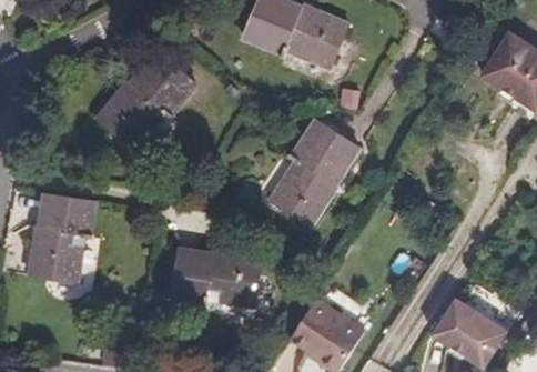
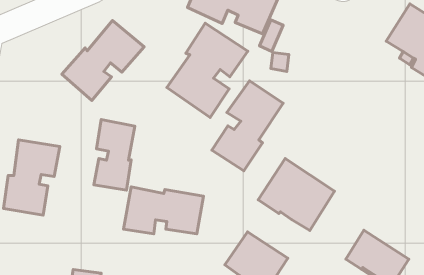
building: none -> [167,23,248,118]
building: none -> [94,119,135,190]
building: none -> [258,159,334,230]

